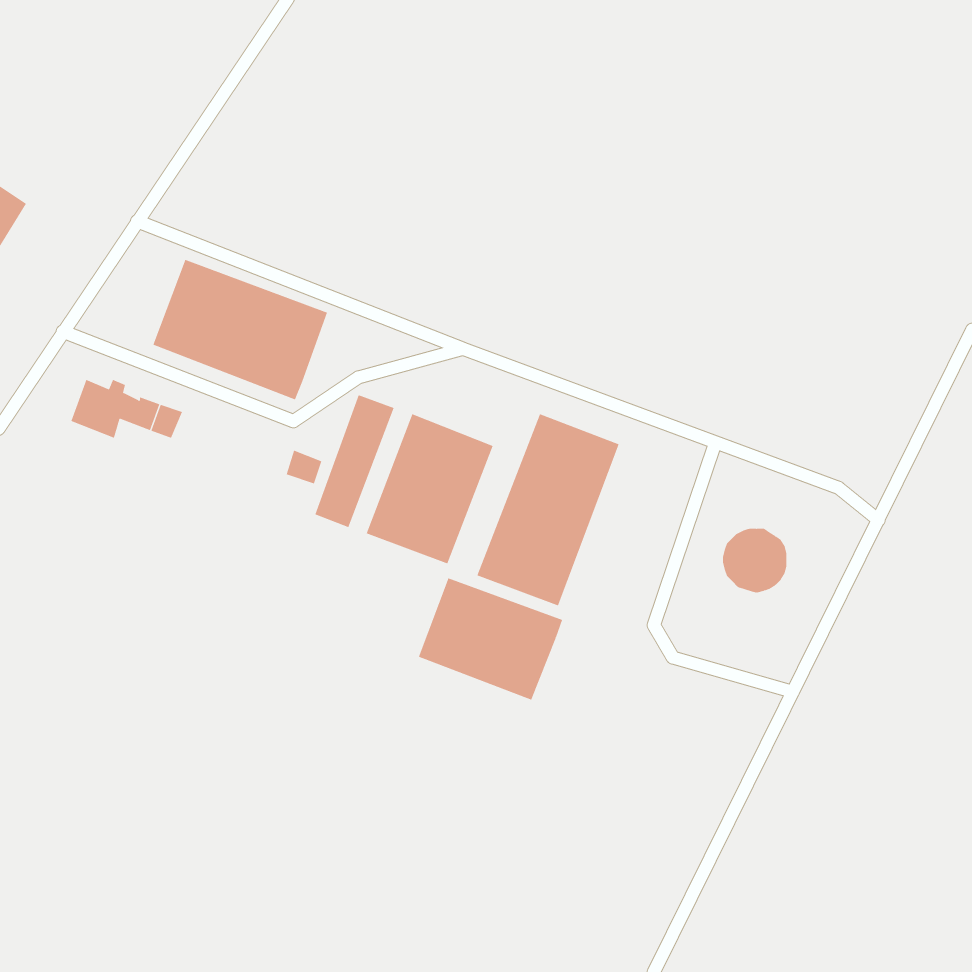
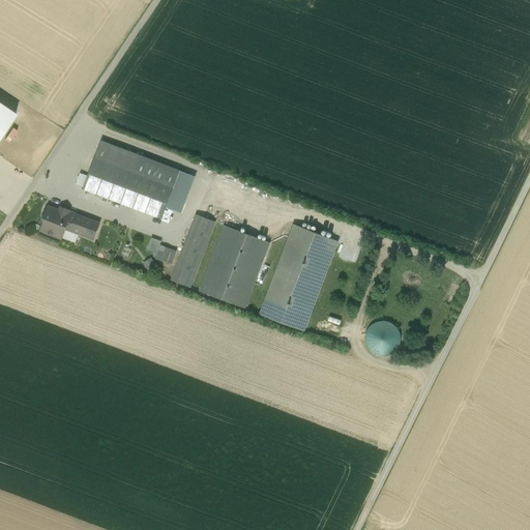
building: none -> [165,170,195,212]
building: [722,528,787,593] -> [364,321,400,356]
building: [418,577,563,701] -> none

